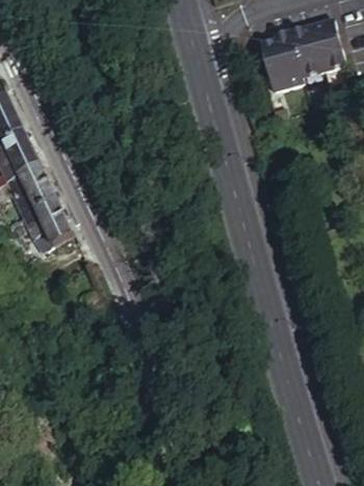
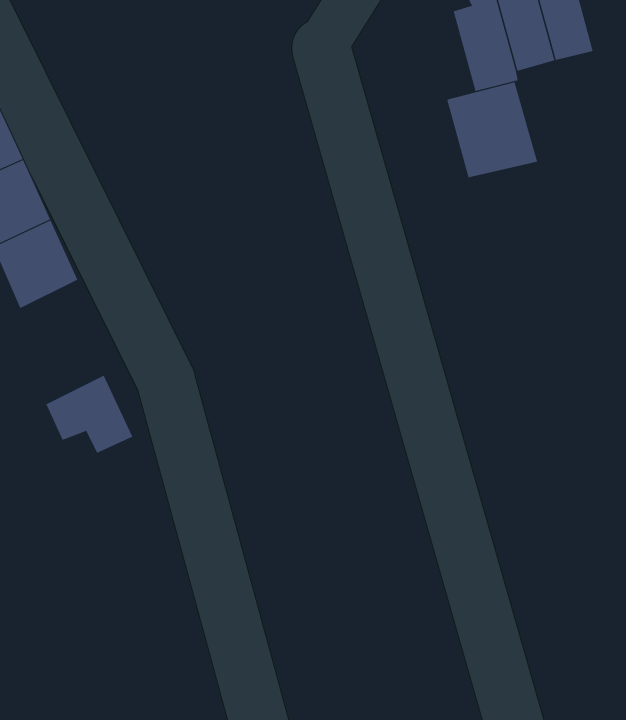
building: none -> [447,81,538,178]
building: [18,196,68,241] -> [46,375,133,453]

